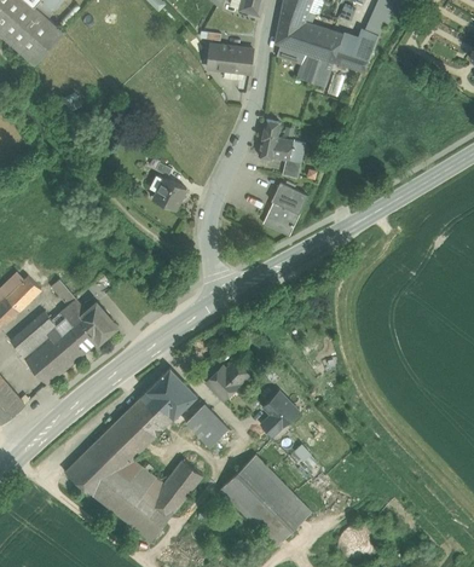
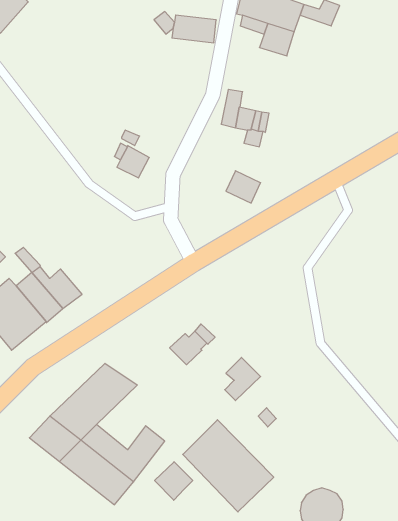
building: [331,45,369,73] -> none
building: [271,181,307,214] -> none
building: [140,368,196,418] -> none
building: [184,403,229,446] -> none
building: none -> [155,462,193,500]

